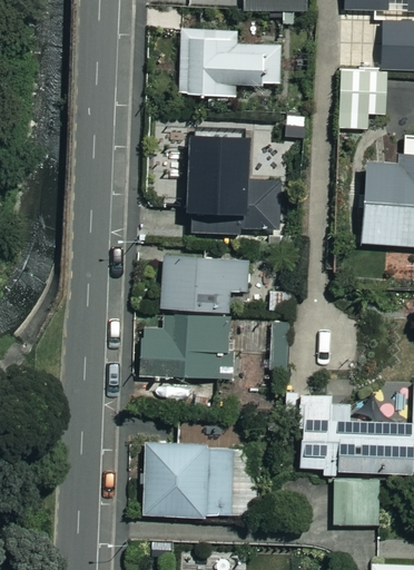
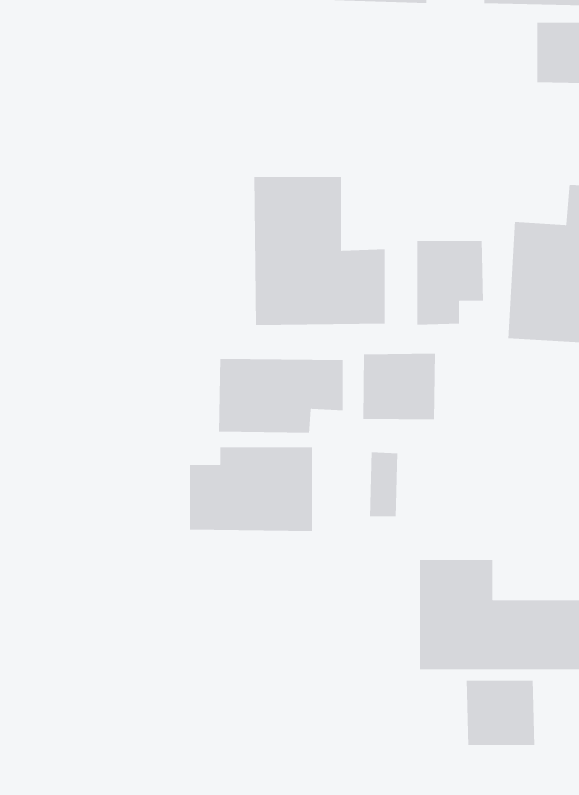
building: [180,28,279,96] -> none
building: [339,70,386,129] -> [416,240,484,326]
building: none -> [362,353,436,420]
building: [142,448,233,517] -> none

